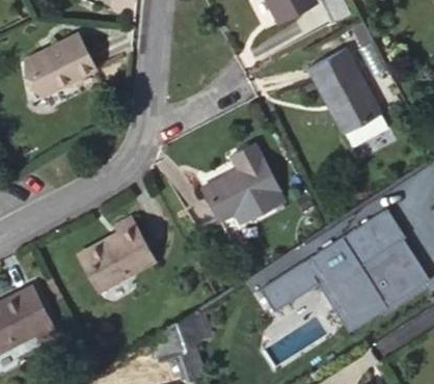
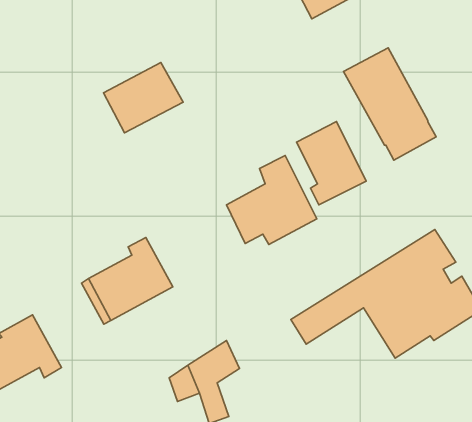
building: [24,33,94,95] -> [104,63,183,133]
building: none -> [296,122,366,205]

